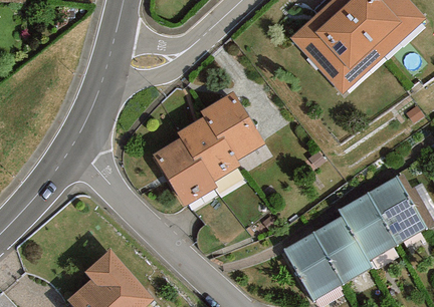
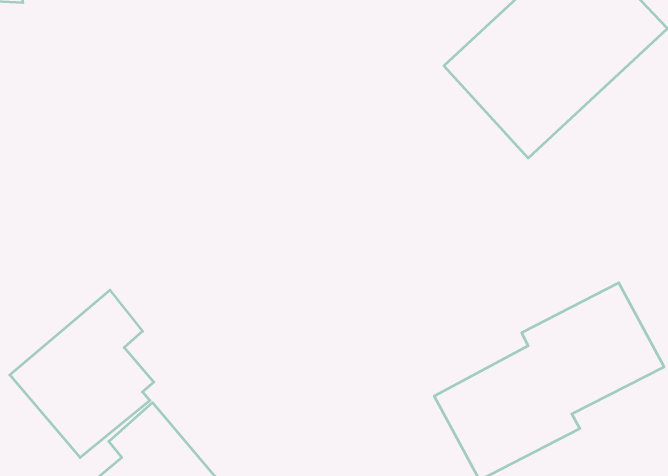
building: [153,90,263,204] -> none
building: none -> [10,290,154,458]

